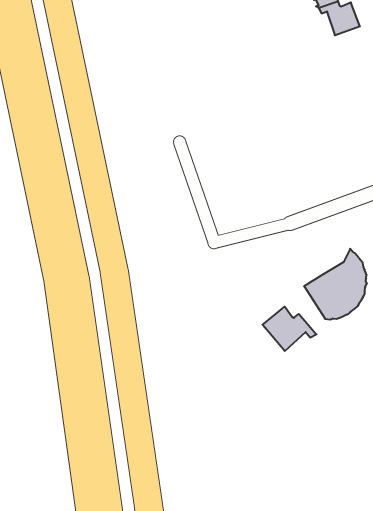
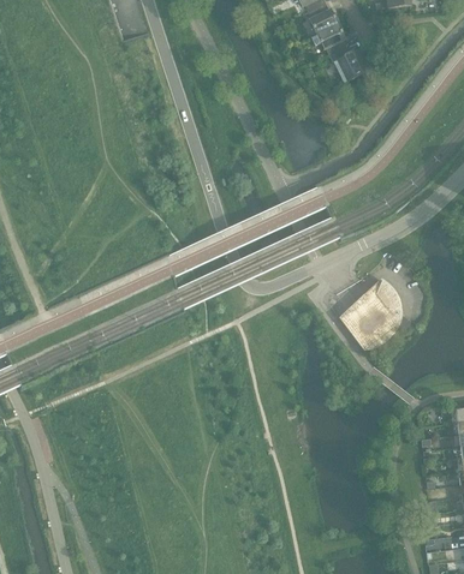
building: [262,307,317,351] -> none

